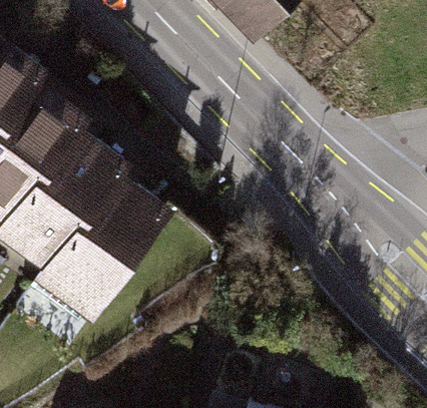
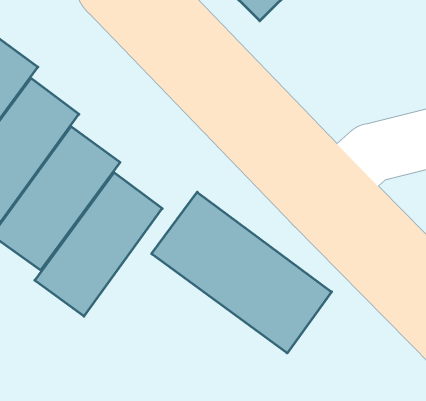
building: none -> [152,192,332,353]

